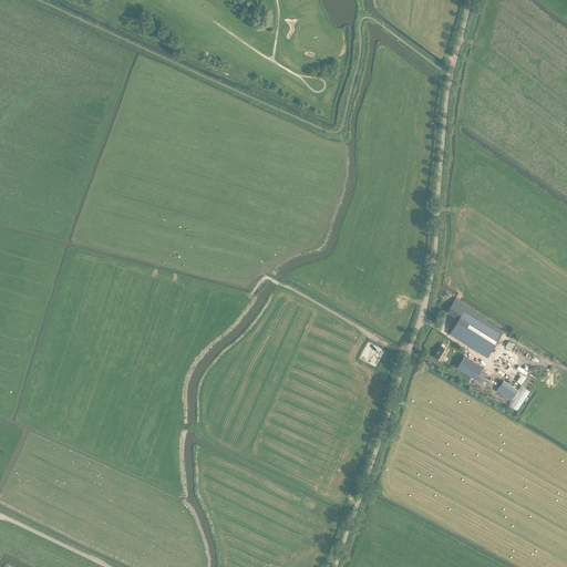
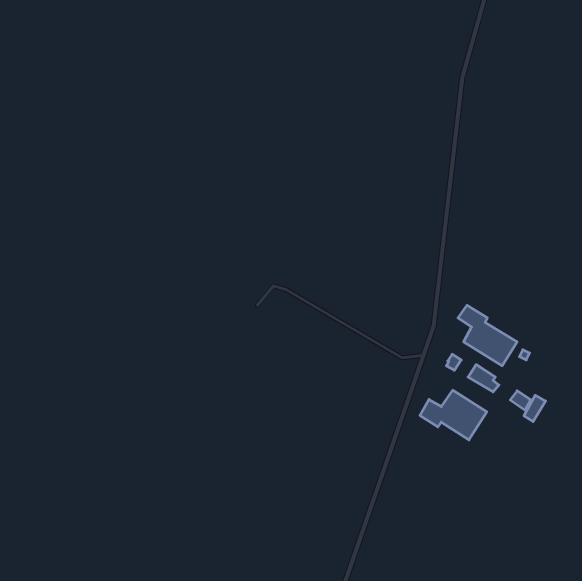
building: none -> [420,390,487,440]

